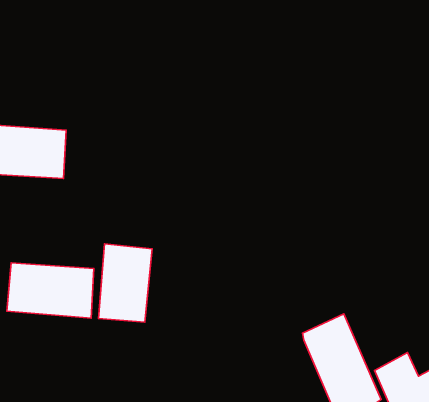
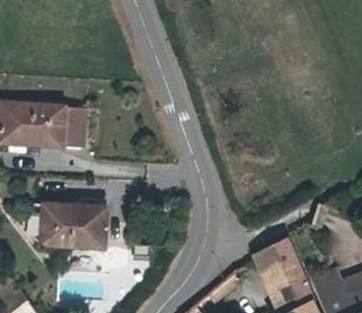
building: [98,244,152,322] -> none

